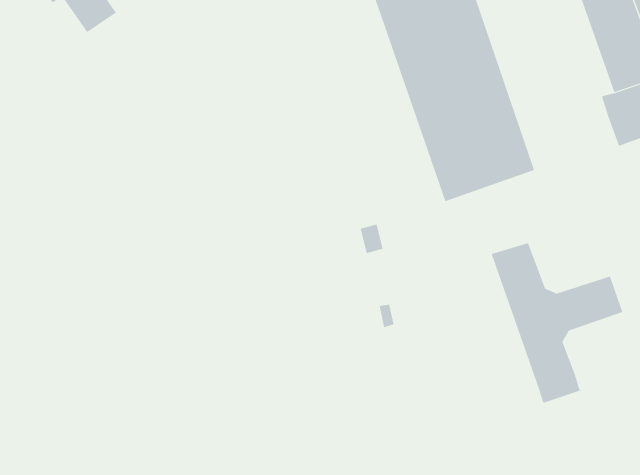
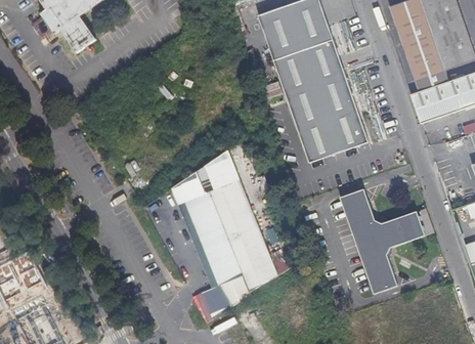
building: none -> [176,147,277,306]

